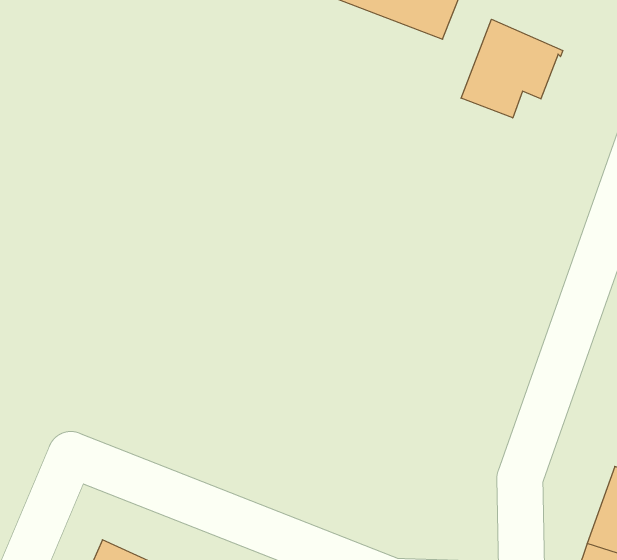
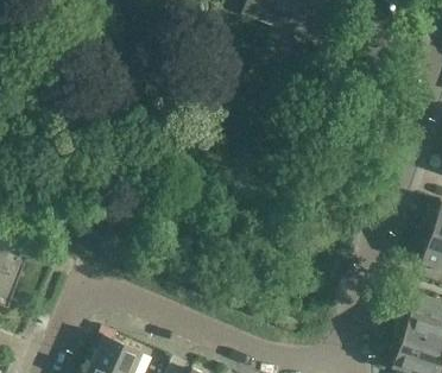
building: [461,19,563,118] -> none

